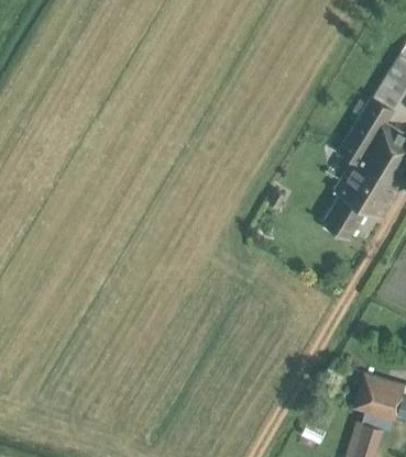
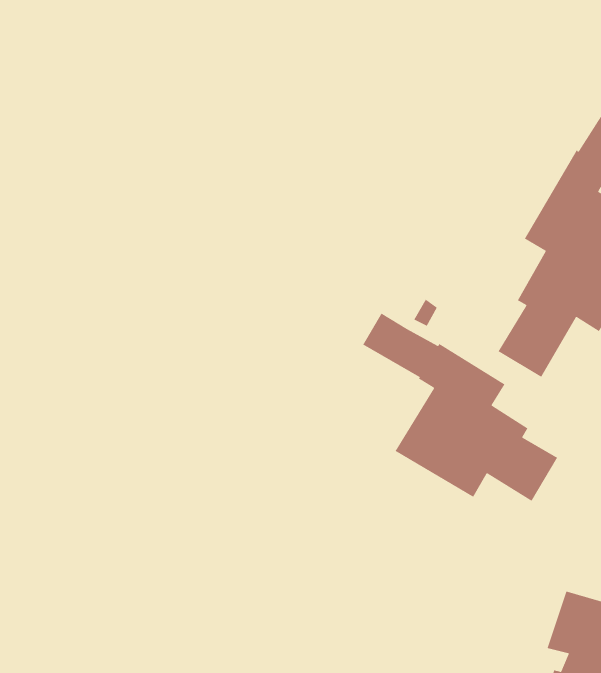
building: none -> [362,313,558,502]

